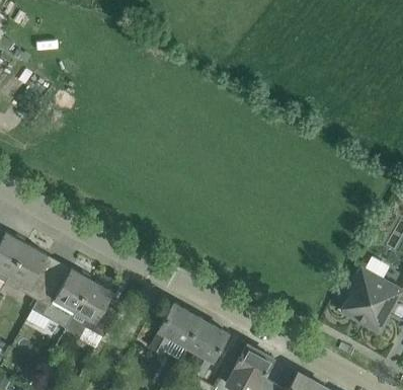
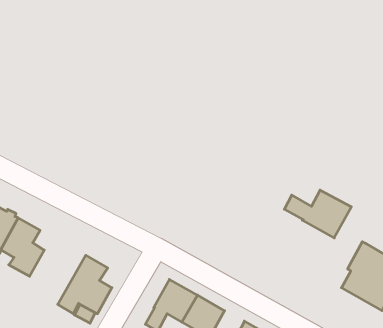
building: none -> [284,190,351,238]
building: [37,268,92,328] -> none

